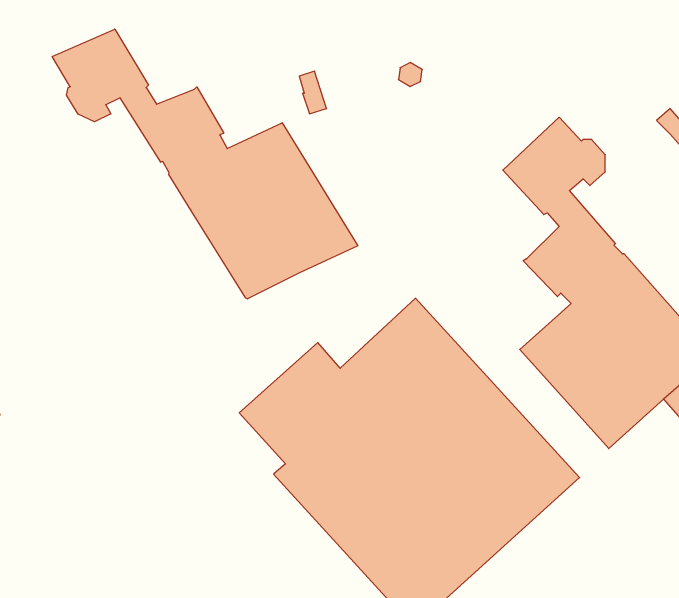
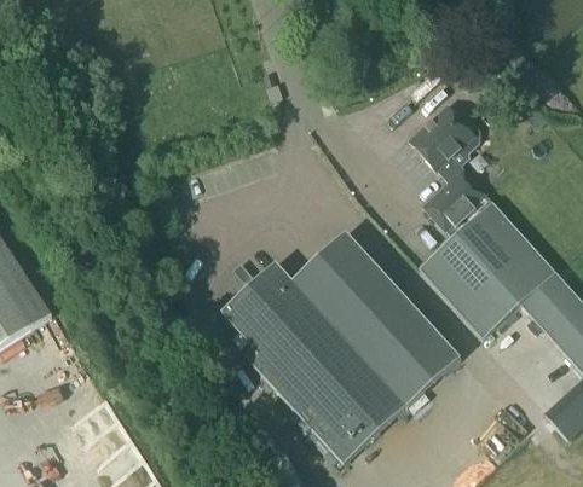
building: [52,29,358,299] -> none

